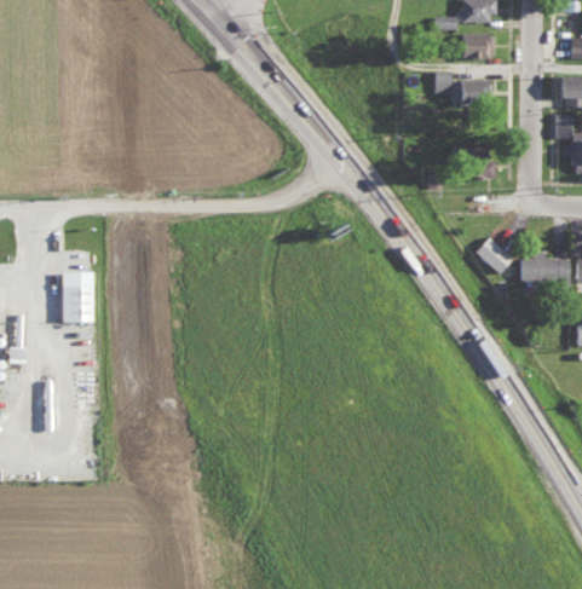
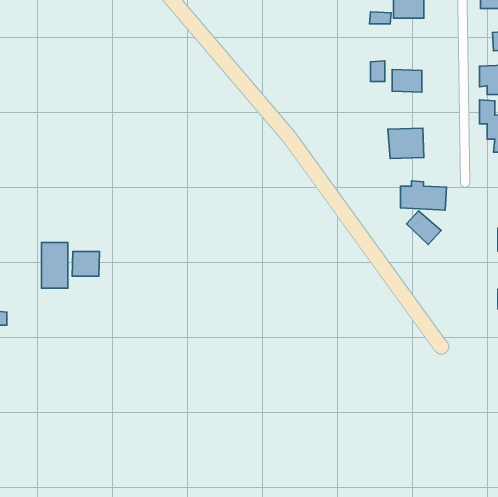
building: [457,34,496,58] -> none
building: [520,252,571,284] -> [401,181,446,210]
building: none -> [72,251,100,276]

